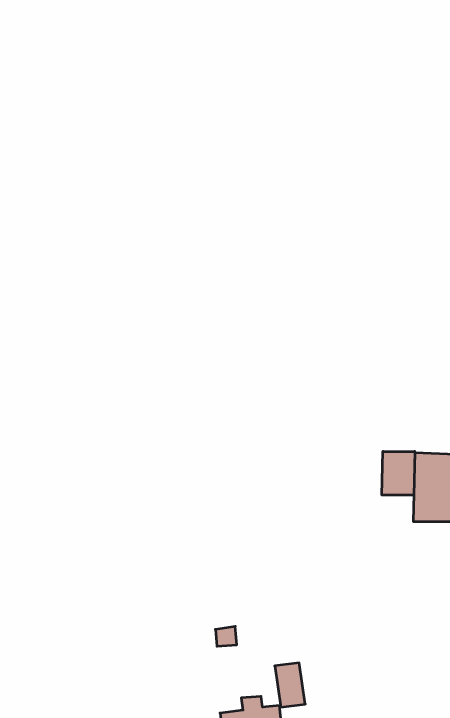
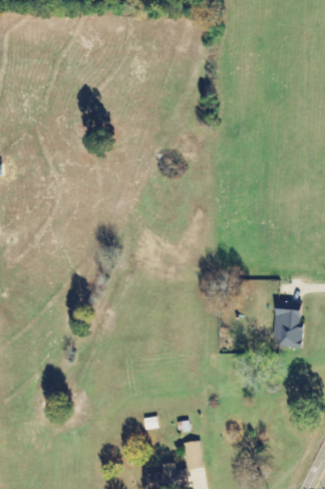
building: [382,451,415,495] -> none

